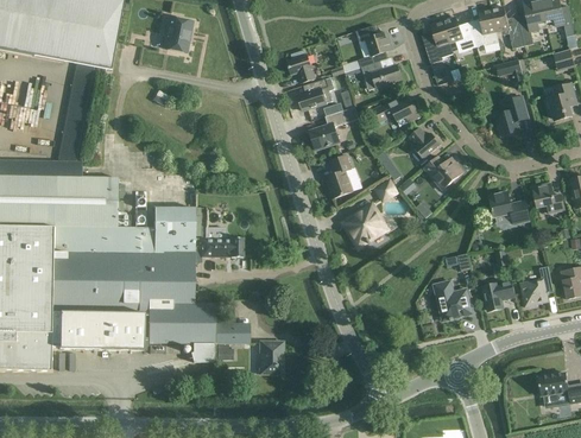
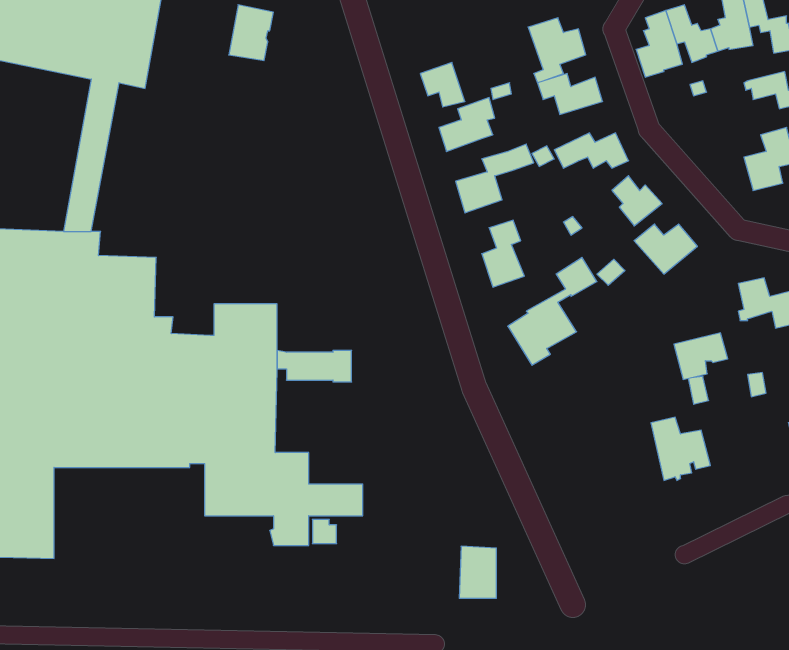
building: [481,279,516,309] -> [674,333,728,379]
building: [52,310,145,349] -> none
building: [259,341,283,374] -> [459,546,496,598]

